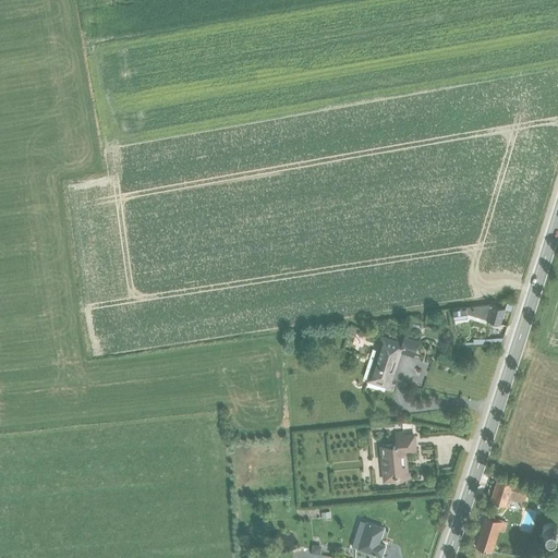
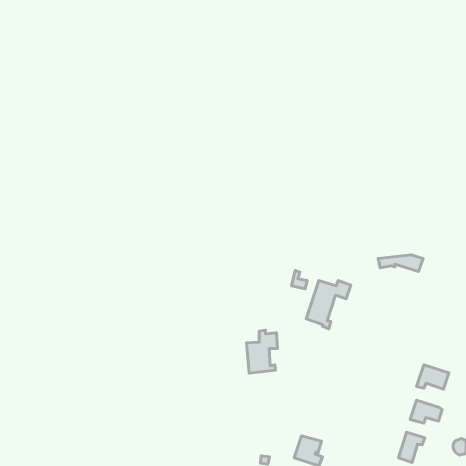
building: [379,430,416,482] -> [246,330,277,373]
building: none -> [417,365,449,389]

